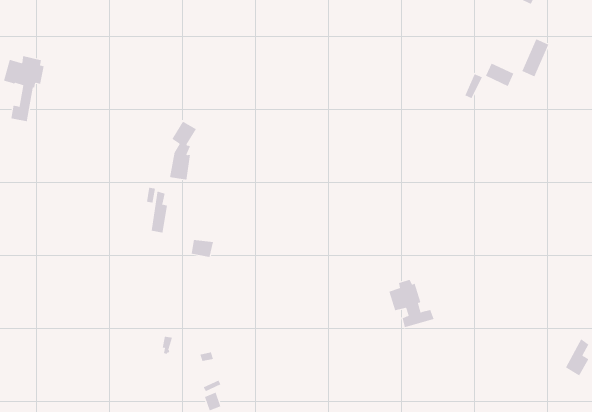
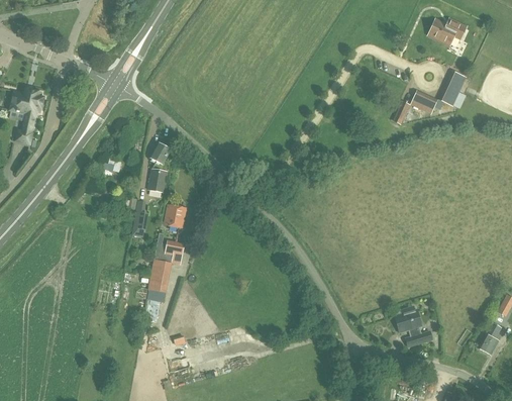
building: none -> [165,204,186,227]
building: none -> [146,259,172,301]
building: [388,279,434,328] -> [394,305,432,345]

